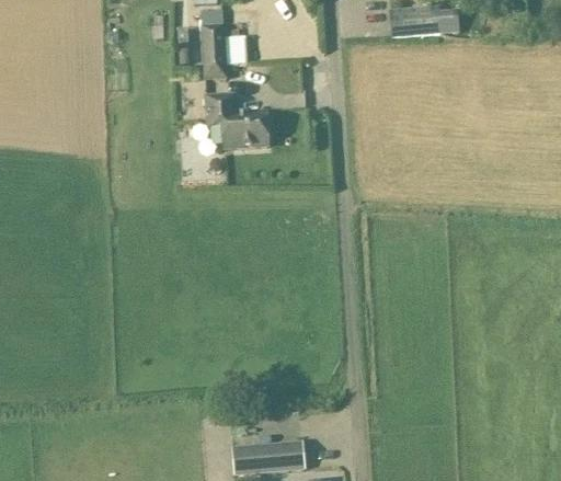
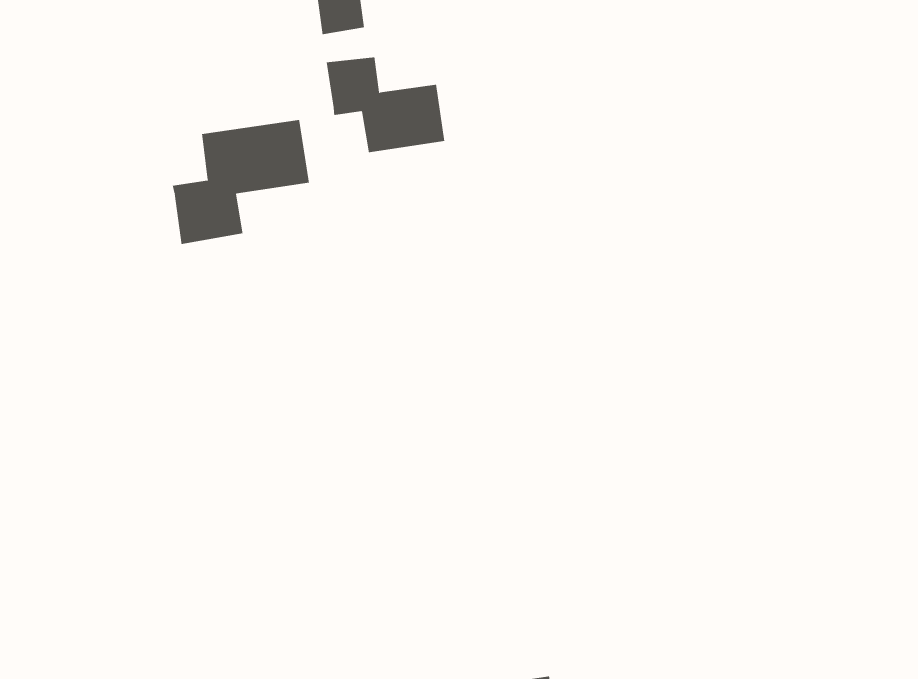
building: none -> [172,119,309,245]

